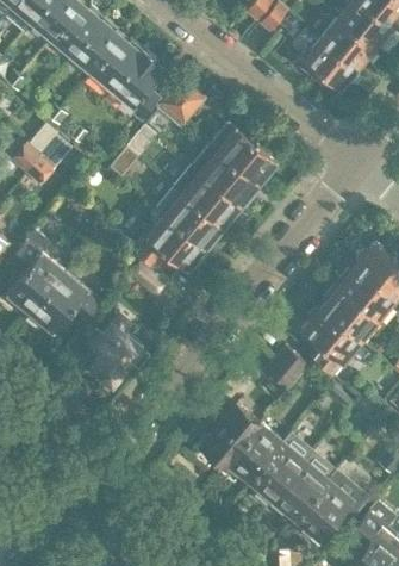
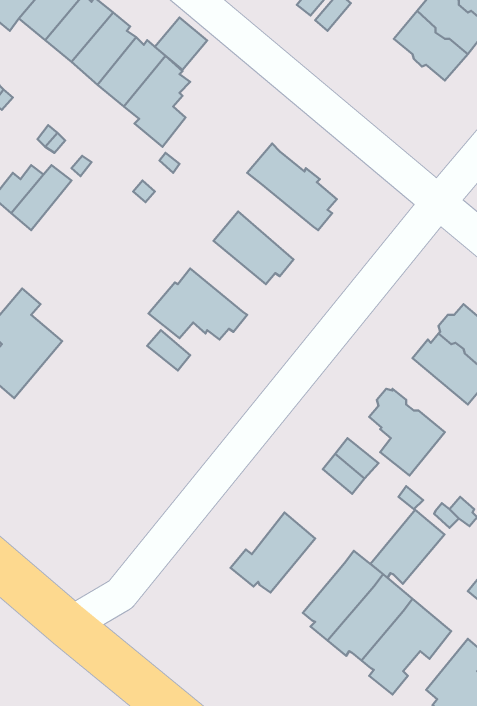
building: [294,37,360,89] -> none
building: [162,81,202,122] -> [155,17,207,70]
building: [191,141,258,207] -> none
building: [154,184,225,248] -> none
building: [27,270,102,334] -> none
building: [319,284,378,341] -> none
building: [89,313,149,385] -> none
building: [225,423,282,480] -> [371,510,445,584]

